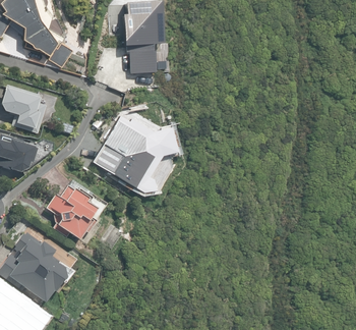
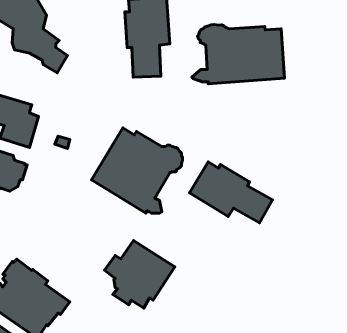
building: none -> [192,25,284,84]
building: none -> [190,162,273,223]
building: [46,180,108,240] -> [105,240,175,308]

